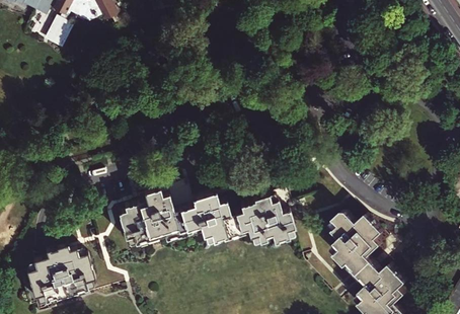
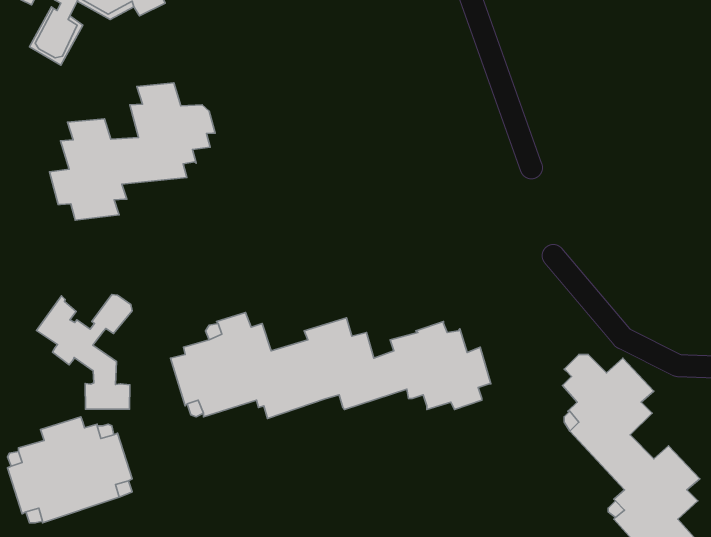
building: none -> [49,83,215,220]
building: none -> [36,294,132,409]

